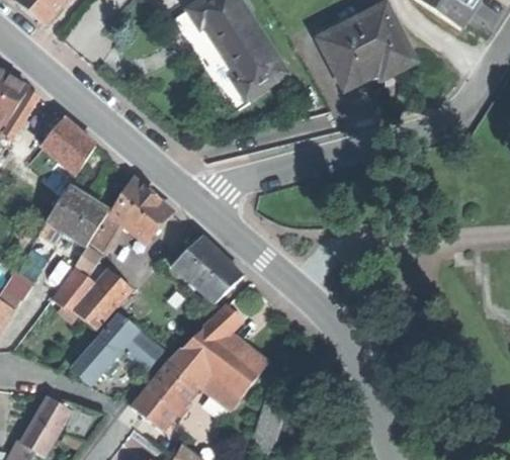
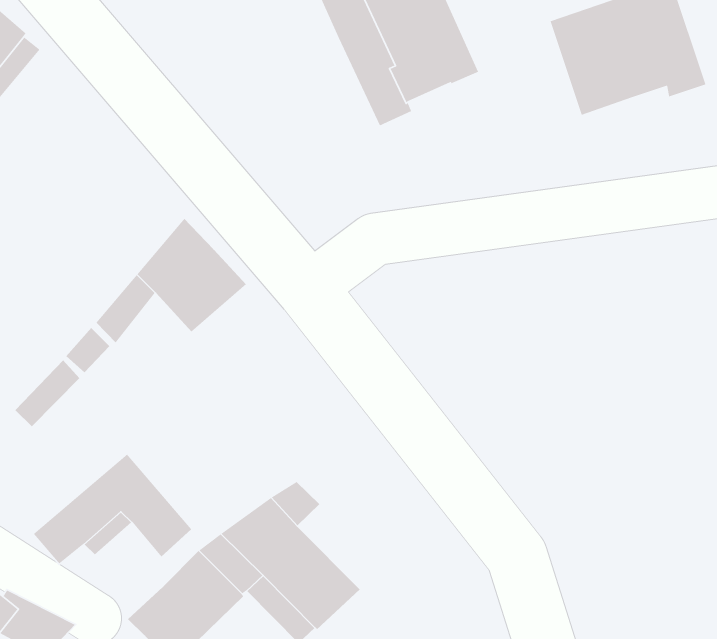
building: [41,117,95,173] -> none
building: [47,186,108,245] -> none
building: [171,236,243,302] -> none
building: [77,272,131,329] -> none

